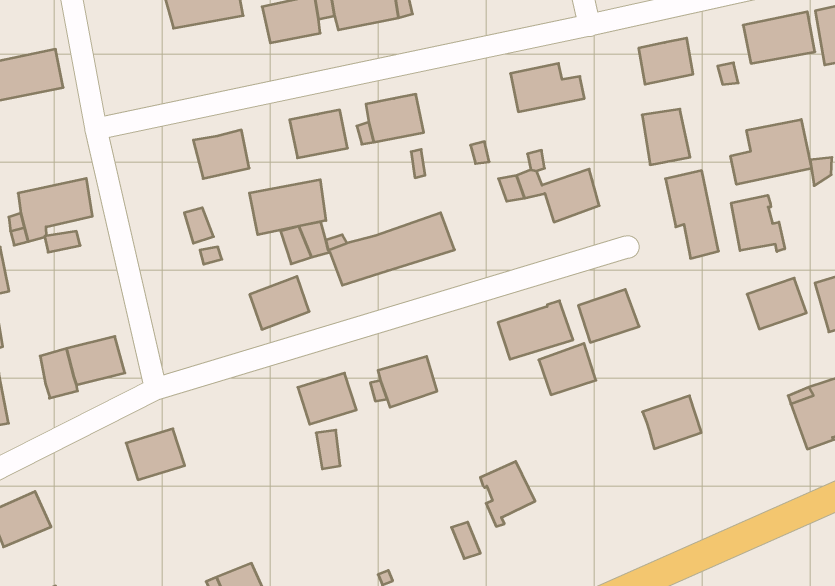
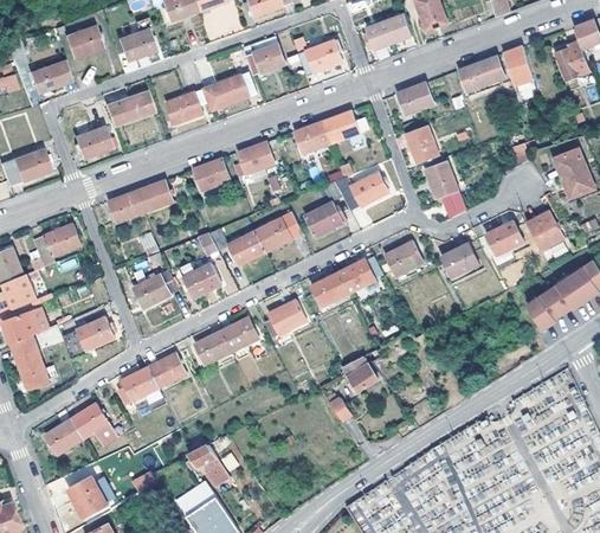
building: none -> [75,126,112,159]
building: none -> [295,121,330,154]
building: [731,119,811,184] -> none
building: none -> [108,191,144,224]
building: [249,180,326,235] -> none
building: [731,195,785,252] -> none
building: none -> [305,203,343,237]
building: none -> [134,271,179,309]
building: [539,343,596,395] -> [311,274,348,308]
building: none -> [194,332,232,367]
building: [642,396,701,449] -> [440,243,478,278]
building: none -> [149,354,187,390]
building: none -> [71,404,117,445]

